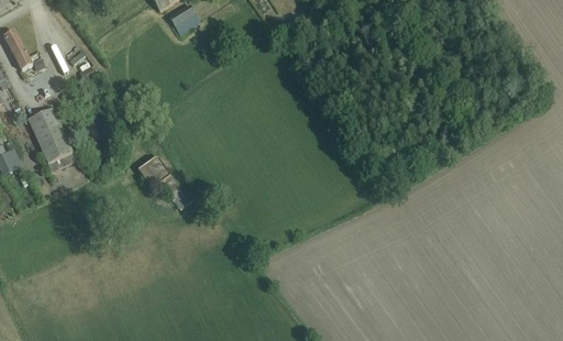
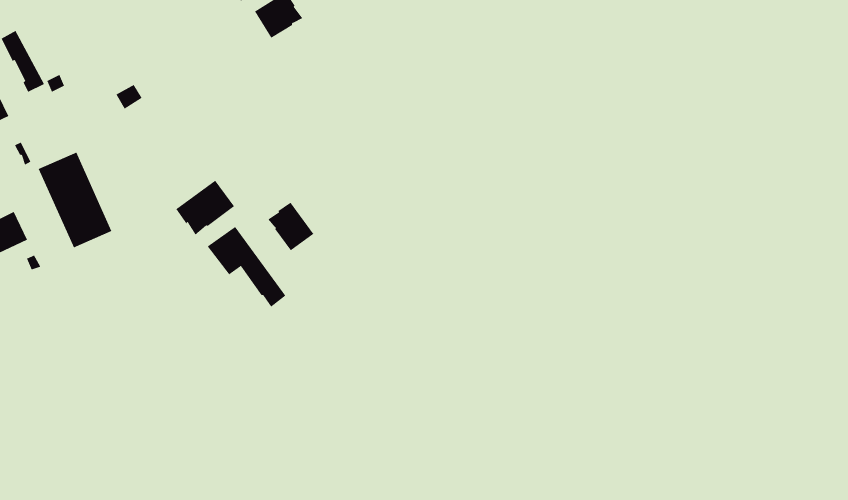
building: none -> [176,180,235,236]
building: none -> [267,202,314,251]

